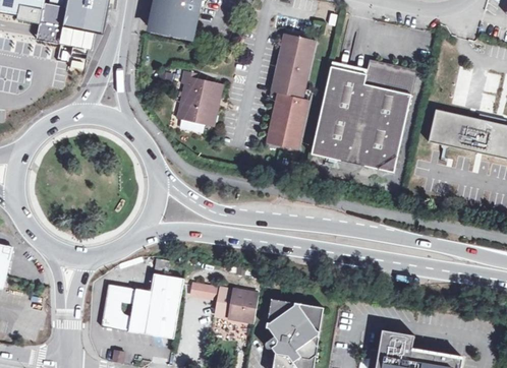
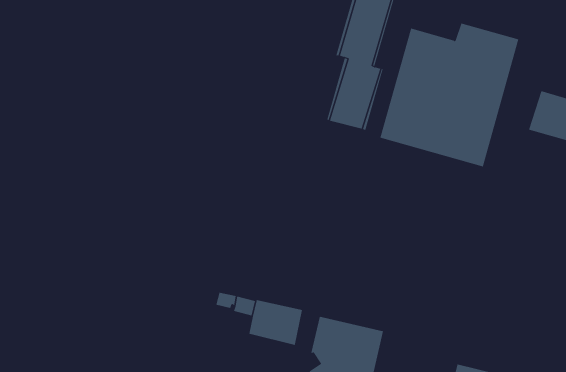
building: [182,70,224,126] -> none
building: [100,273,182,339] -> none

